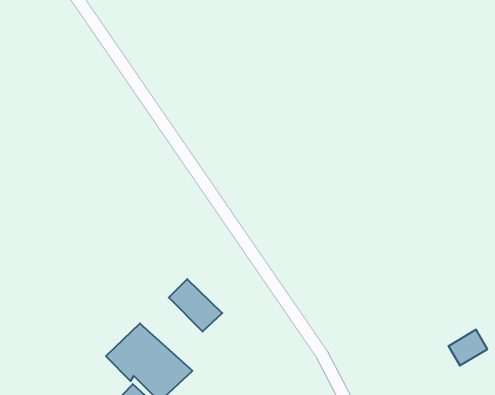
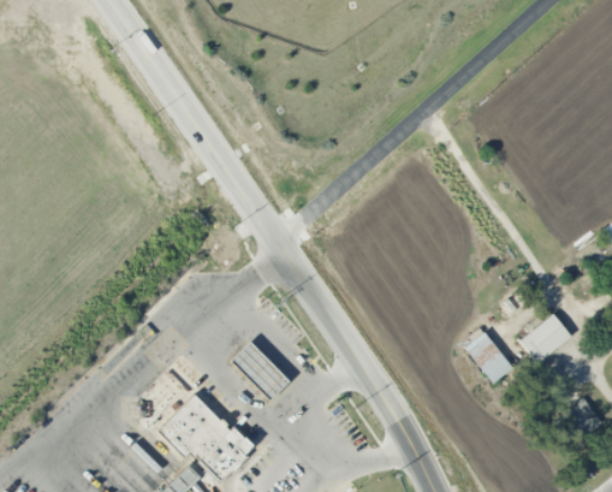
building: none -> [521,313,572,362]
building: none -> [465,331,513,383]

